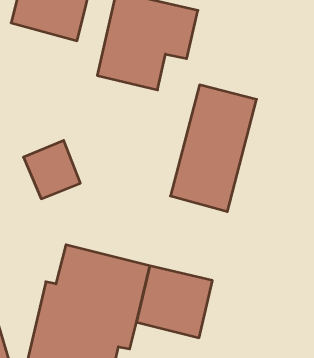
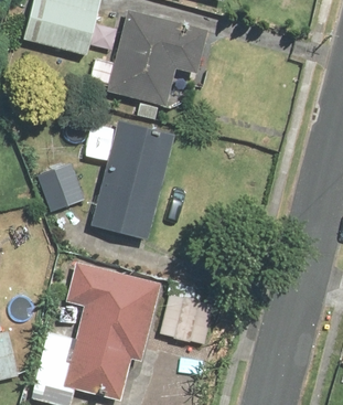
building: [170,85,257,212] -> [88,120,173,245]

